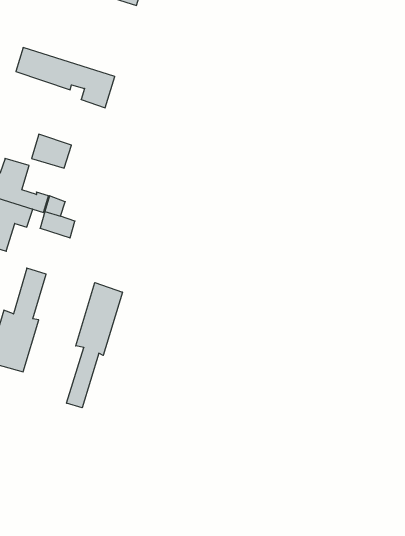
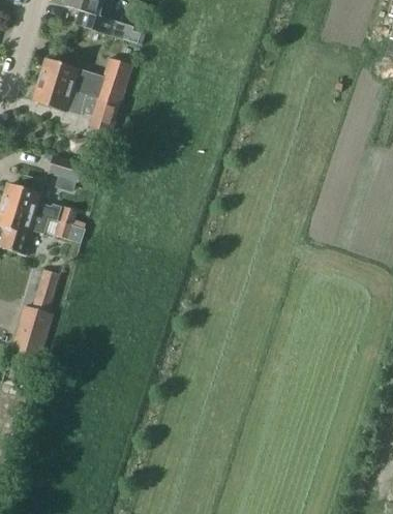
building: none -> [40,57,133,105]
building: [67,283,122,408] -> none

